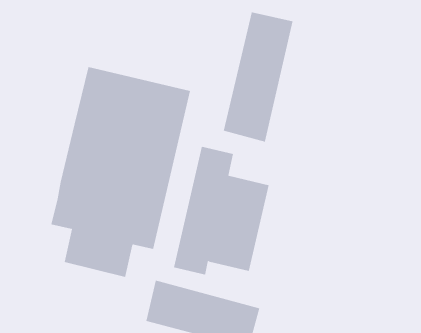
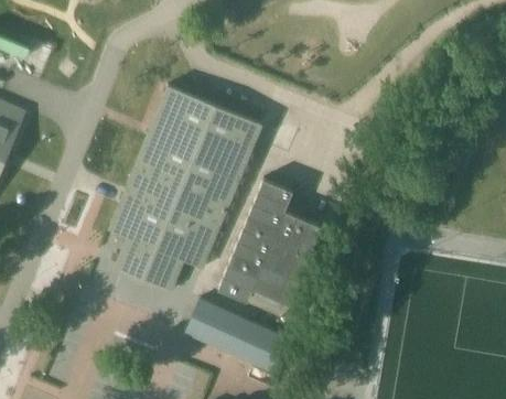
building: [223,11,293,143] -> none

